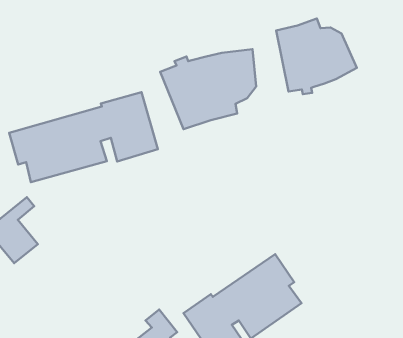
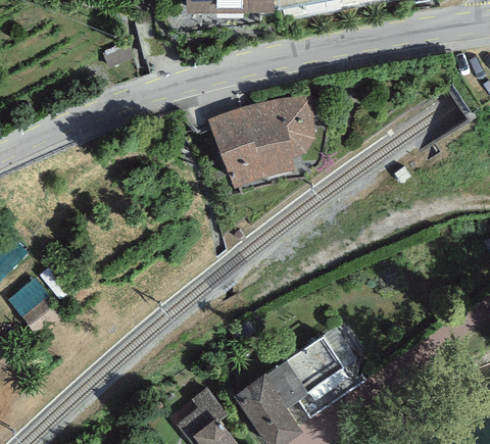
building: [276,19,357,94] -> none
building: [9,92,158,182] -> none

